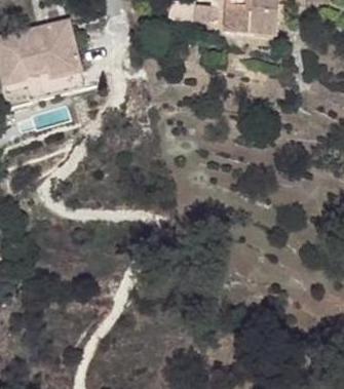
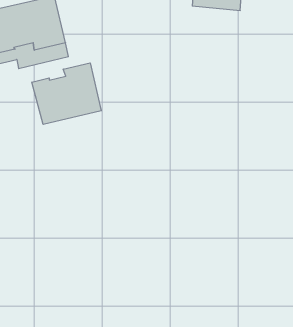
building: none -> [32,63,101,124]

